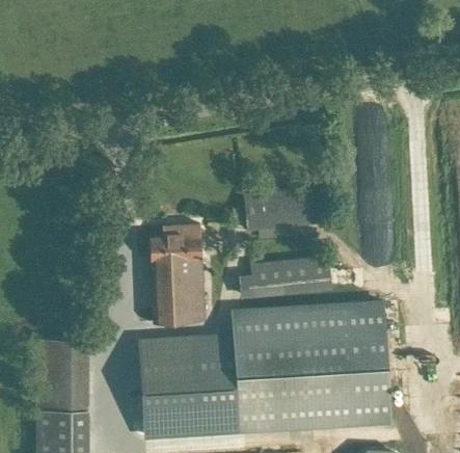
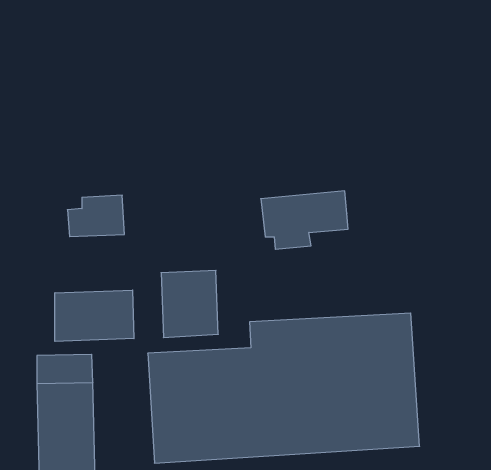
building: [150,224,202,263] -> [67,195,124,237]
building: [251,257,331,298] -> none
building: none -> [55,290,134,341]

